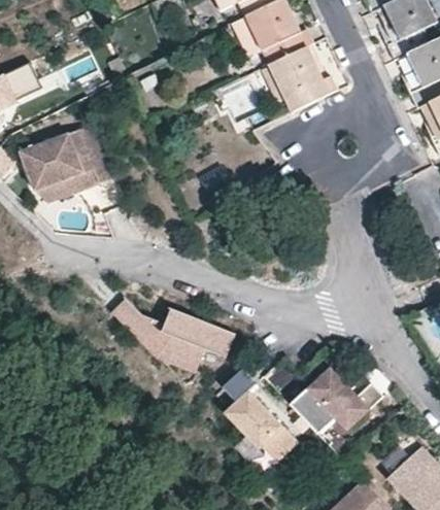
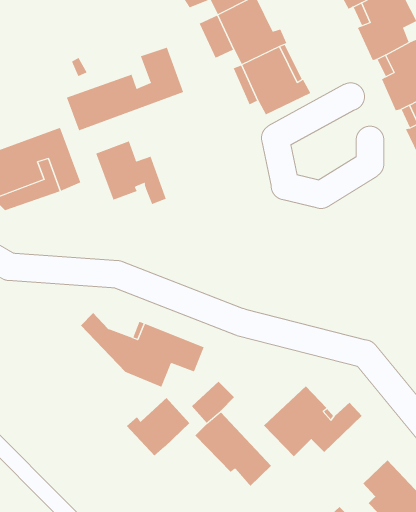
building: none -> [66,47,184,131]
building: none -> [95,141,166,205]
building: none -> [126,397,190,456]

